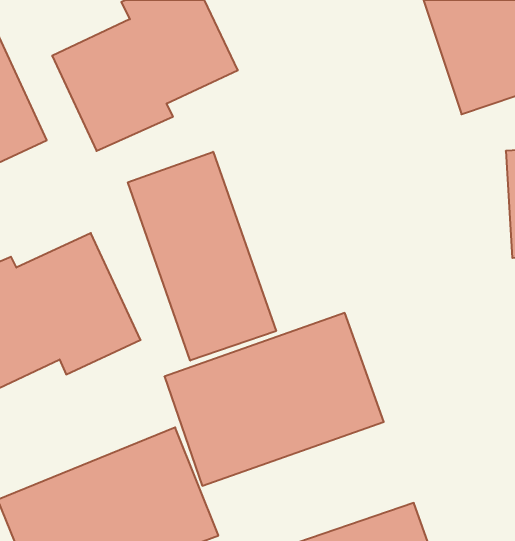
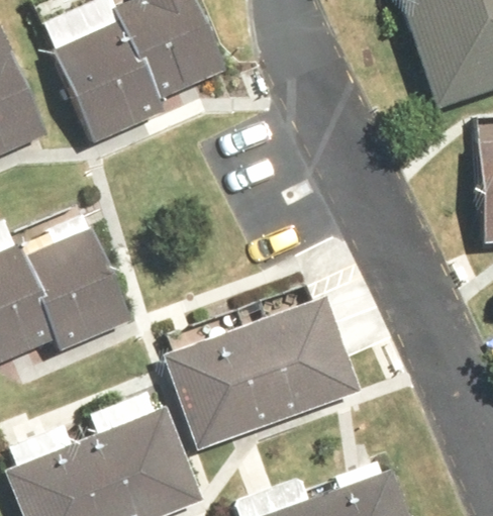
building: [128,152,276,361] -> none

